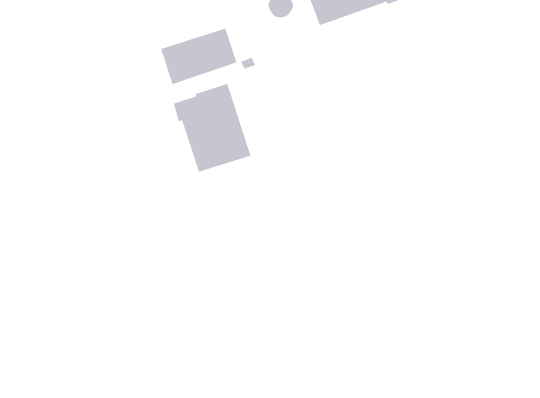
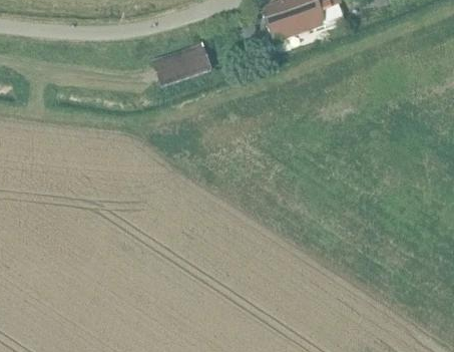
building: [173,83,251,173] -> none

